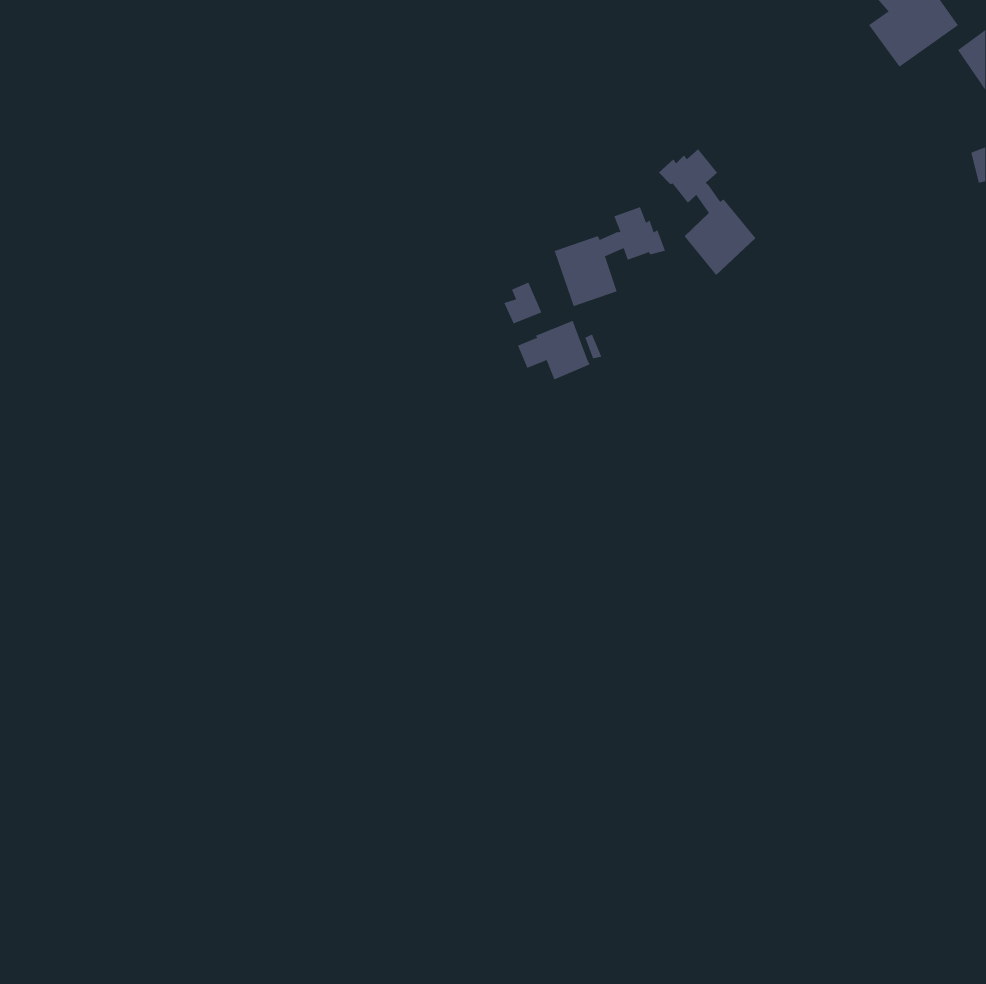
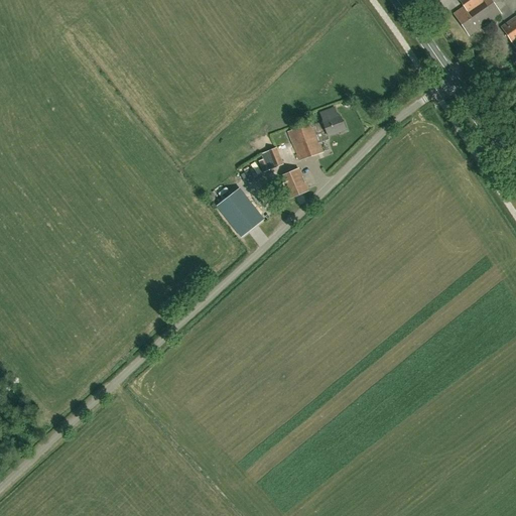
building: [658,148,756,276] -> none
building: none -> [217,187,263,236]

